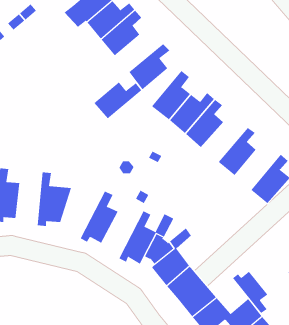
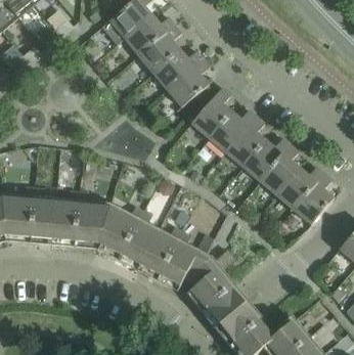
building: [93,81,142,119] -> [153,49,204,88]
building: none -> [242,137,291,180]
building: none -> [277,166,324,209]
building: none -> [52,190,79,246]
building: none -> [98,206,143,259]
building: none -> [140,226,183,279]
building: [232,271,268,314] -> none

